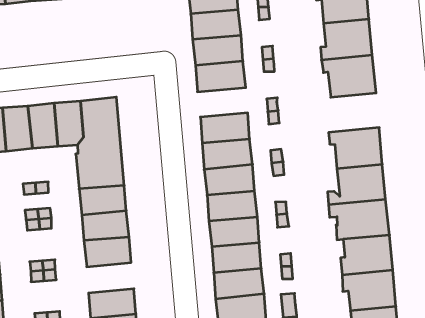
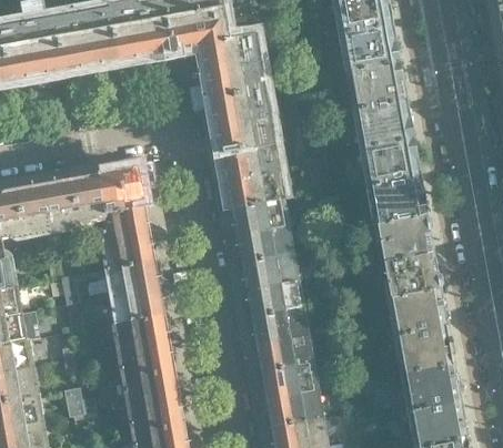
building: none -> [222,143,278,179]
building: none -> [363,136,419,183]
building: none -> [121,339,173,376]

